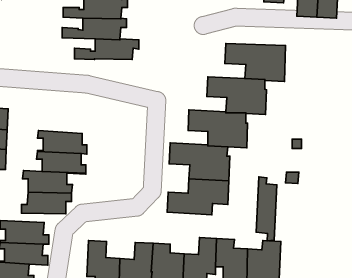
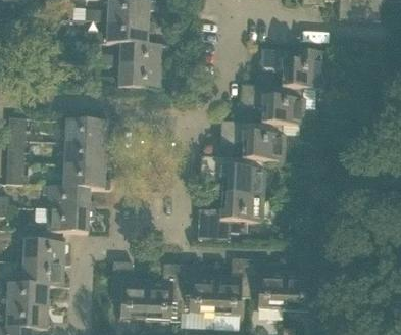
building: none -> [97,64,166,89]
building: none -> [59,119,112,145]
building: [256,177,277,241] -> none

